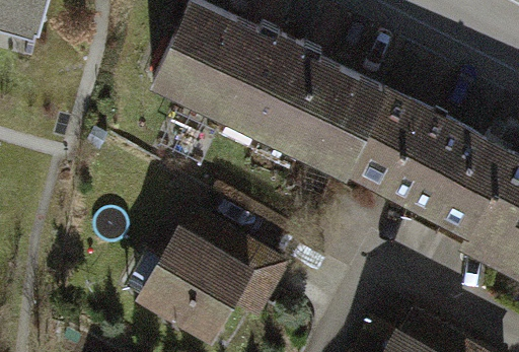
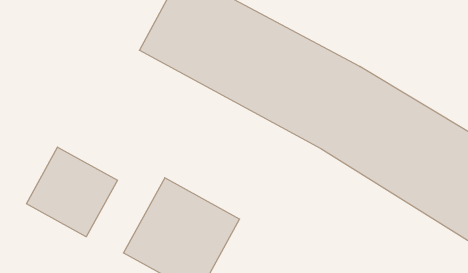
building: none -> [27,147,117,237]

